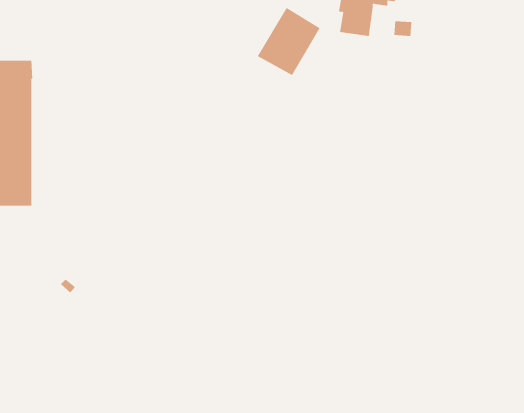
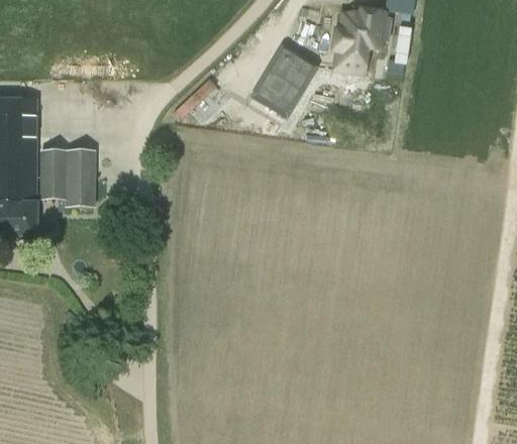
building: none -> [38,150,94,205]

